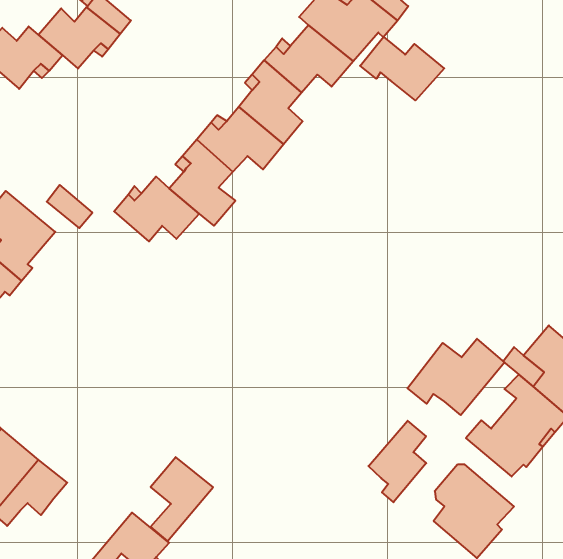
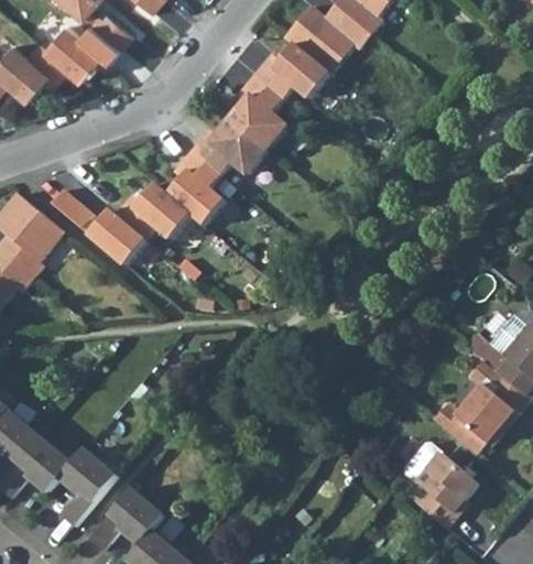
building: [360,37,444,100] -> none
building: none -> [88,208,145,264]
building: [407,339,505,415] -> none
building: [368,421,426,502] -> none
building: [151,457,213,541] -> [58,448,116,525]

